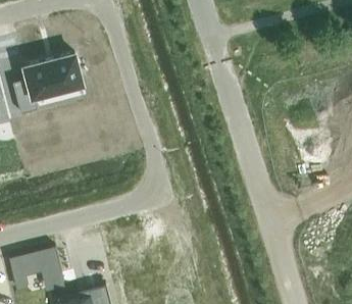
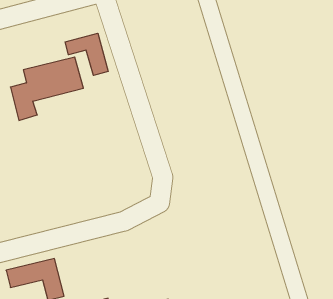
building: none -> [65,33,108,75]

